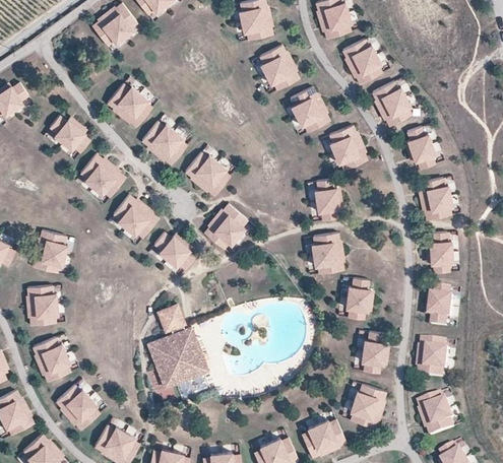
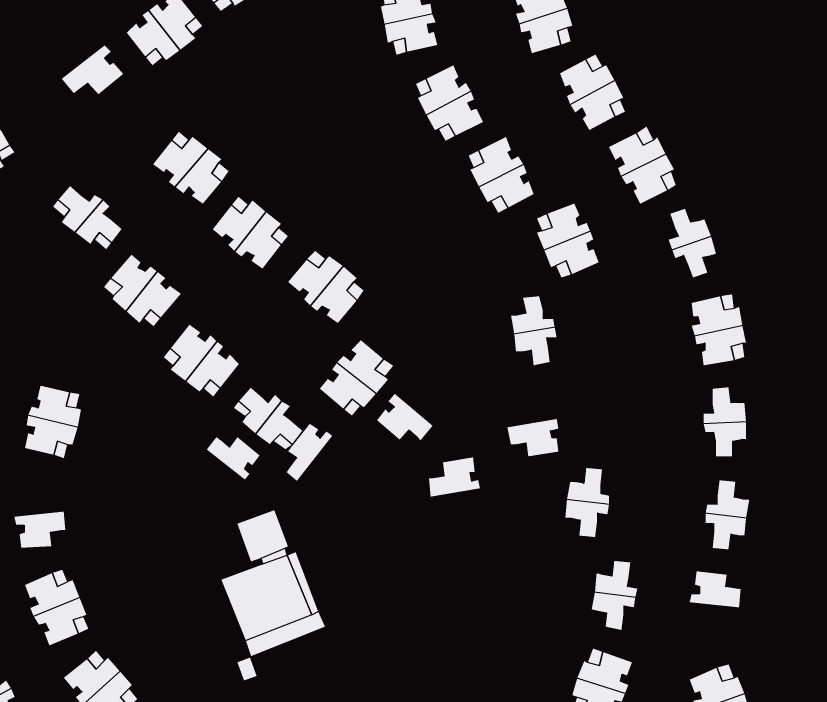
building: none -> [61,44,124,95]
building: [312,232,342,255] -> [428,457,481,497]
building: none -> [376,393,434,441]
building: none -> [286,423,333,482]
building: none -> [206,436,260,481]
building: [27,285,57,307] -> none
building: [419,356,448,378] -> none

